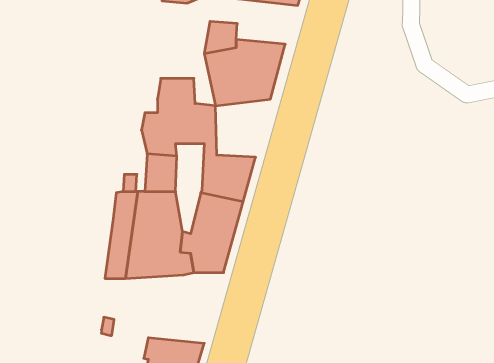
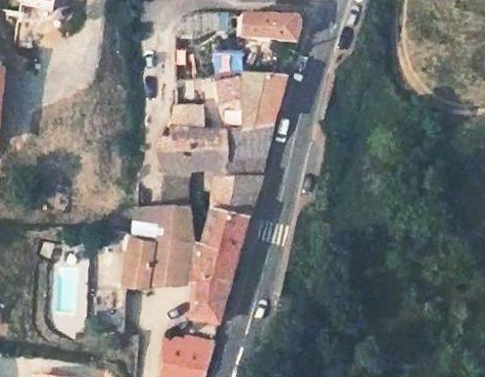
building: none -> [225,125,274,177]
building: none -> [192,280,232,323]

